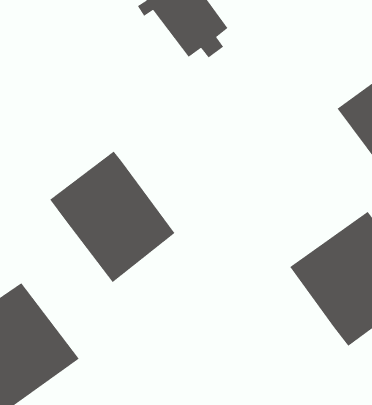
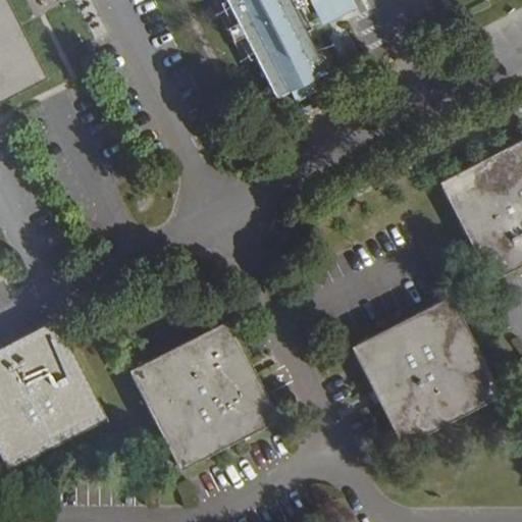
building: [49,151,176,283] -> none
building: none -> [126,319,276,468]

